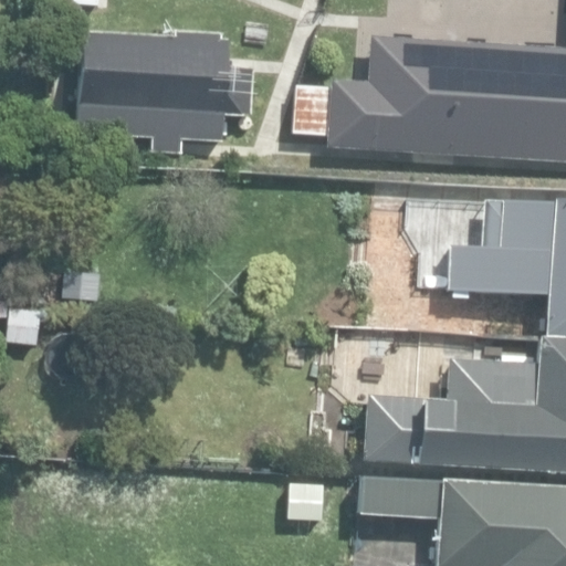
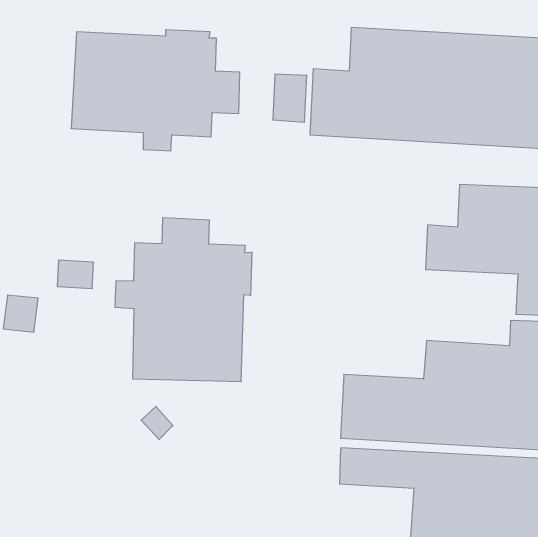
building: none -> [115,218,252,382]

